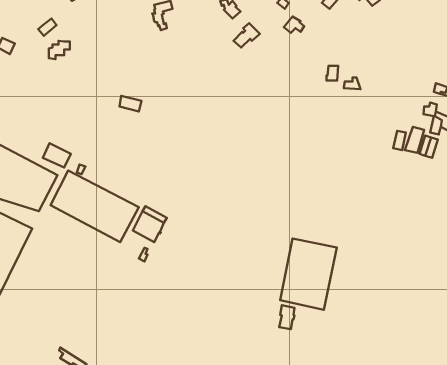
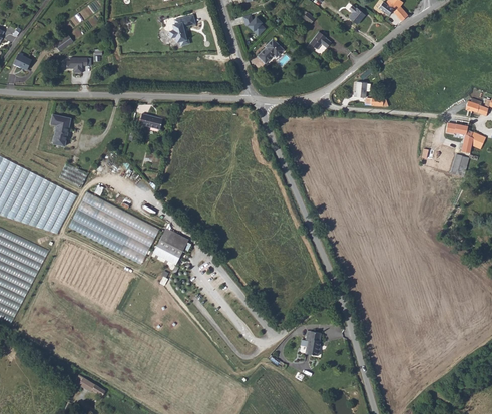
building: none -> [49,114,70,146]
building: [280,239,337,310] -> none

